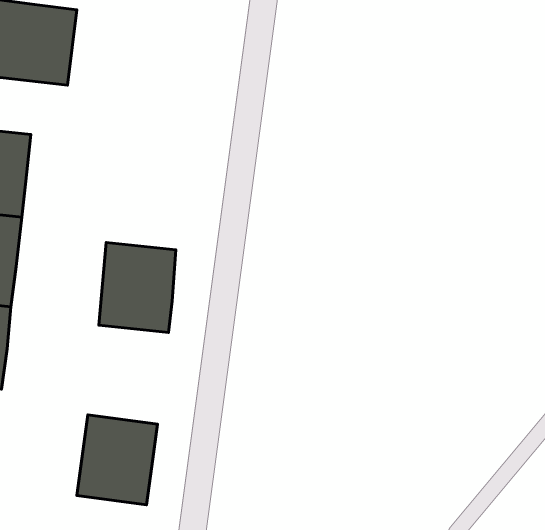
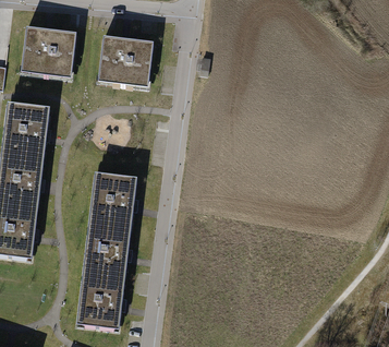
building: none -> [98,36,154,87]
building: none -> [83,220,131,279]

